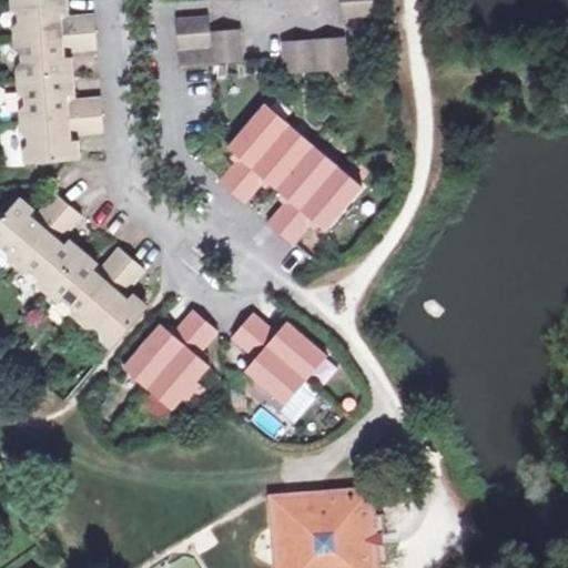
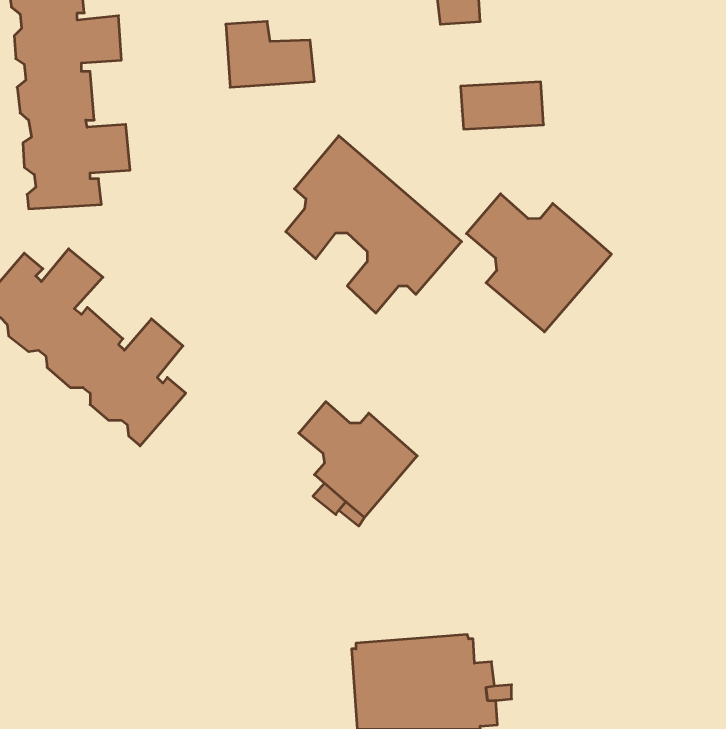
building: [281,38,345,74] -> [461,82,544,129]
building: none -> [466,194,611,332]
building: [121,310,216,407] -> none

